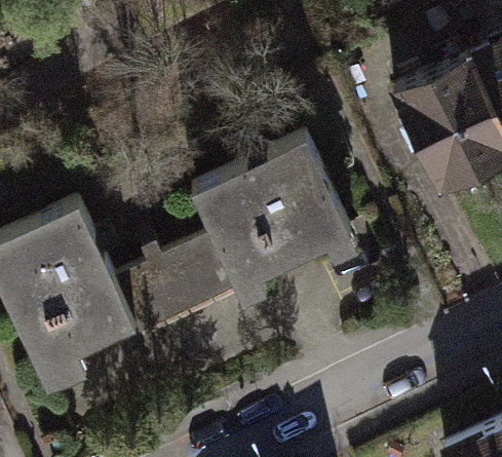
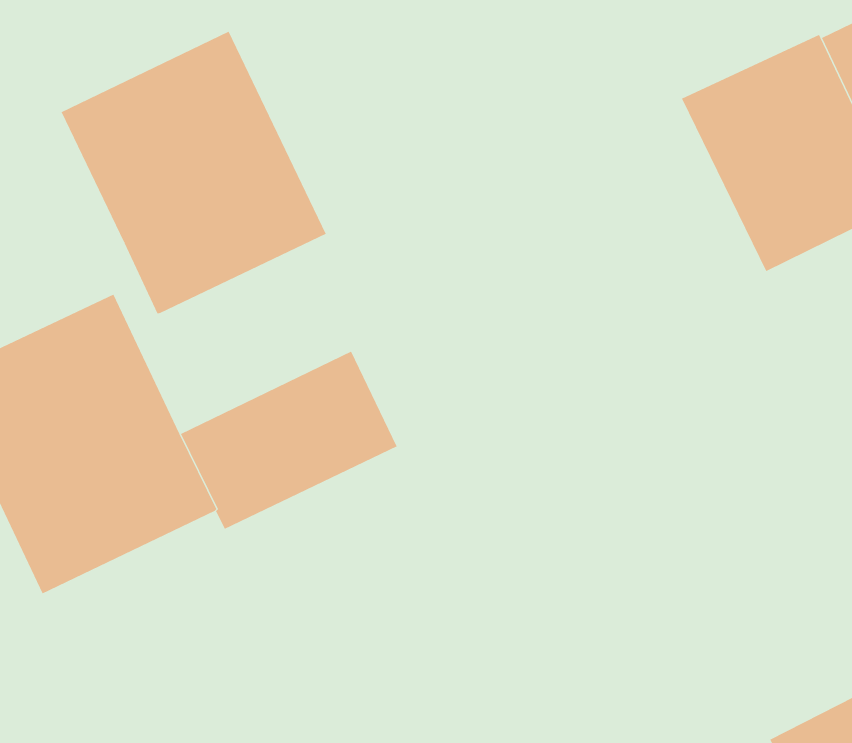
building: none -> [61,31,327,314]
building: [192,141,352,291] -> none

